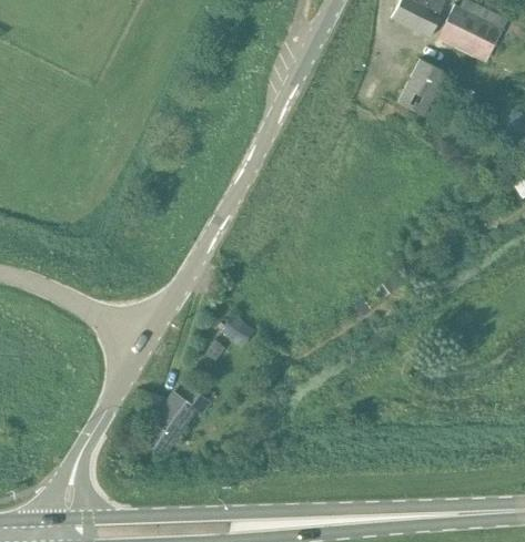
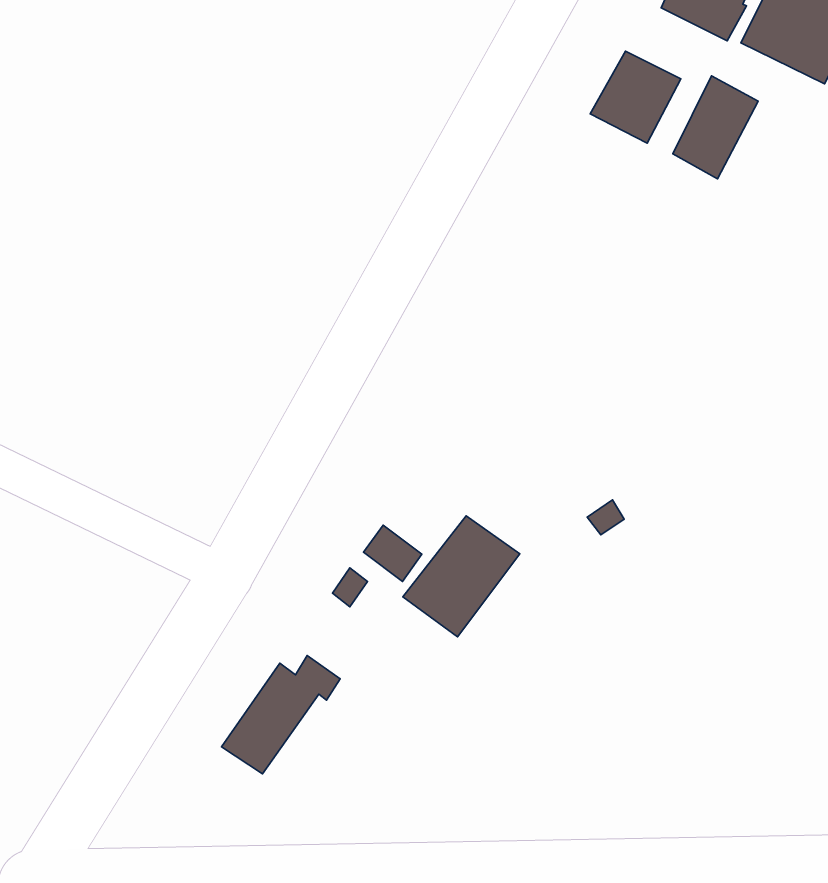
building: none -> [590,51,681,143]
building: none -> [403,516,520,637]

